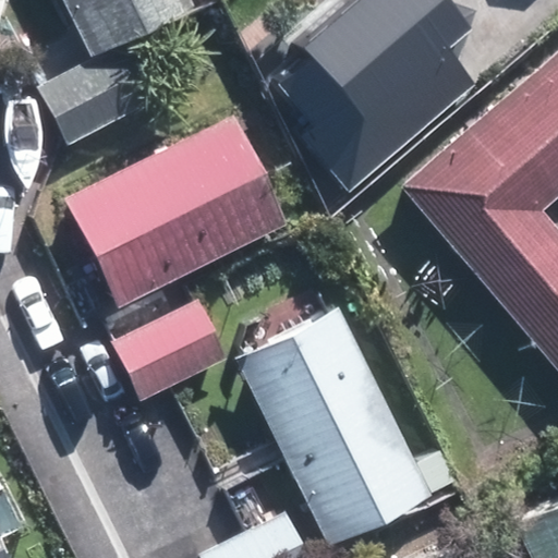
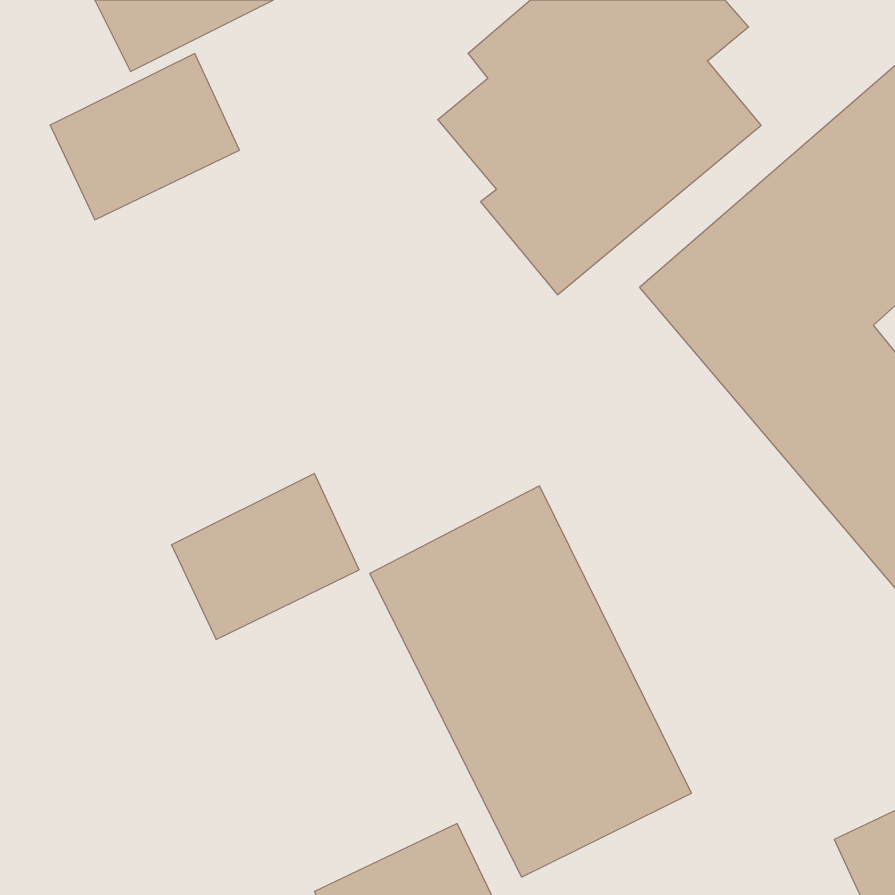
building: [65,116,288,306] -> none

